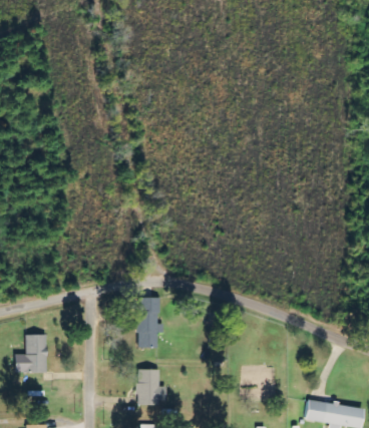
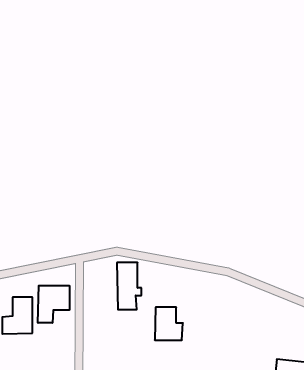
building: none -> [38,286,69,323]
building: [136,369,166,404] -> [155,307,183,340]

